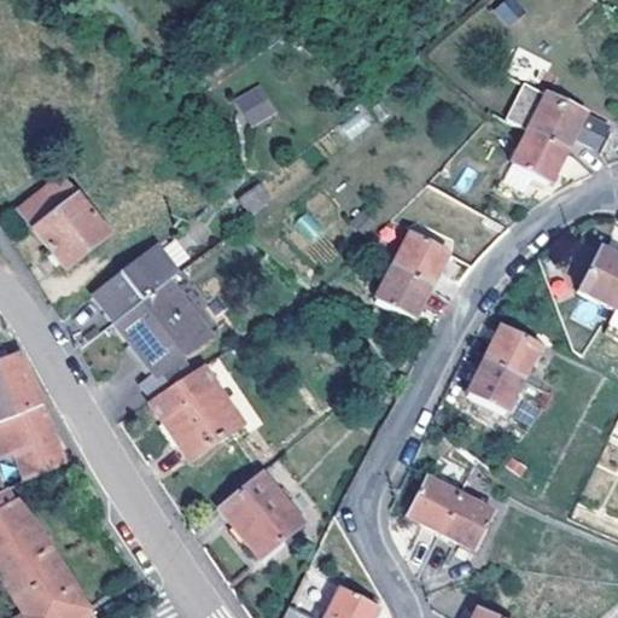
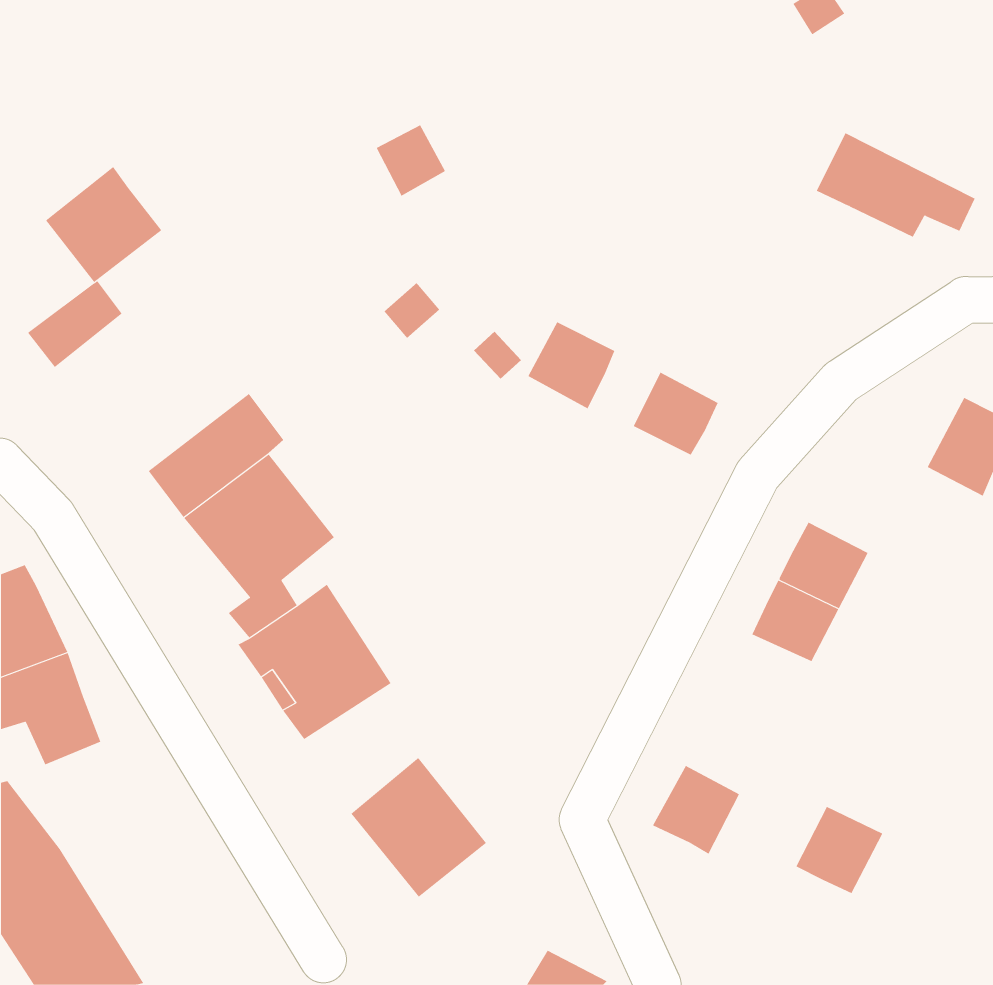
building: [511,128,567,182] -> none
building: [35,194,107,267] -> [45,166,162,283]
building: [375,264,430,319] -> [528,322,615,409]
building: [441,492,495,547] -> [795,806,883,894]

